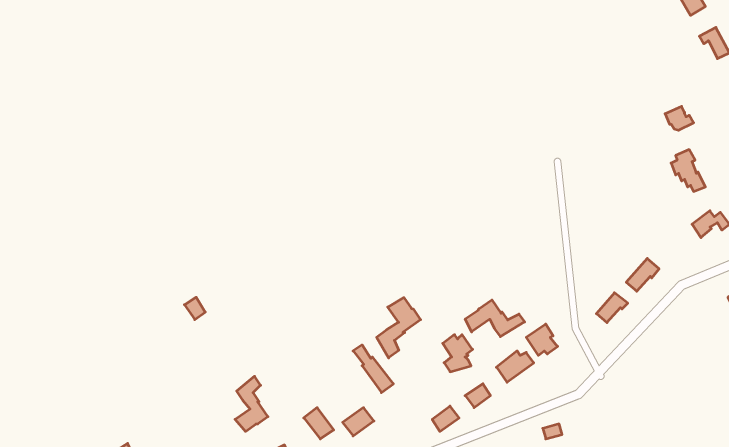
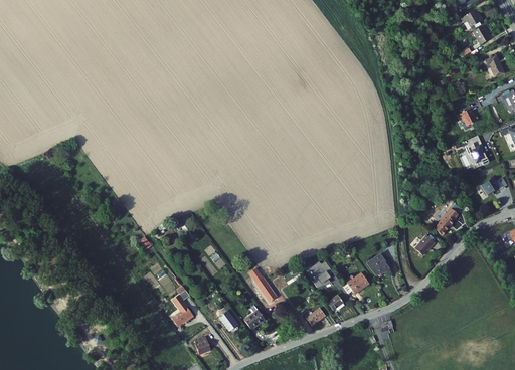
building: [377,298,421,358] -> none
building: [465,300,525,337] -> none

